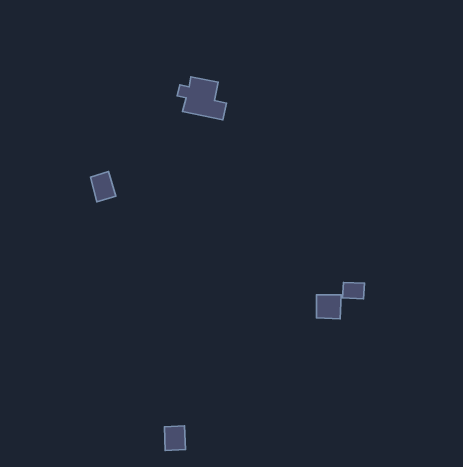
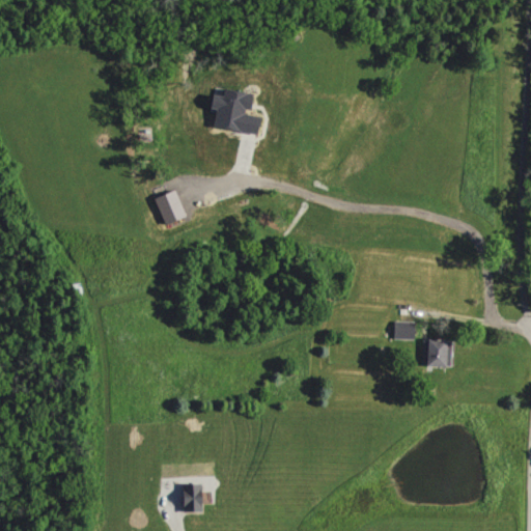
building: [90,172,116,202] -> [156,191,185,225]
building: [317,295,341,319] -> [424,339,452,366]

